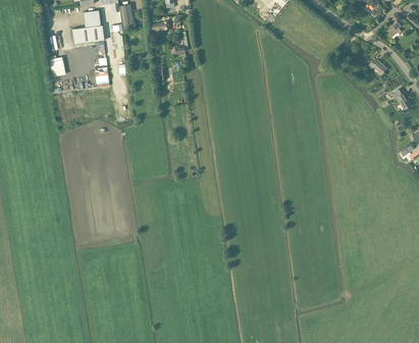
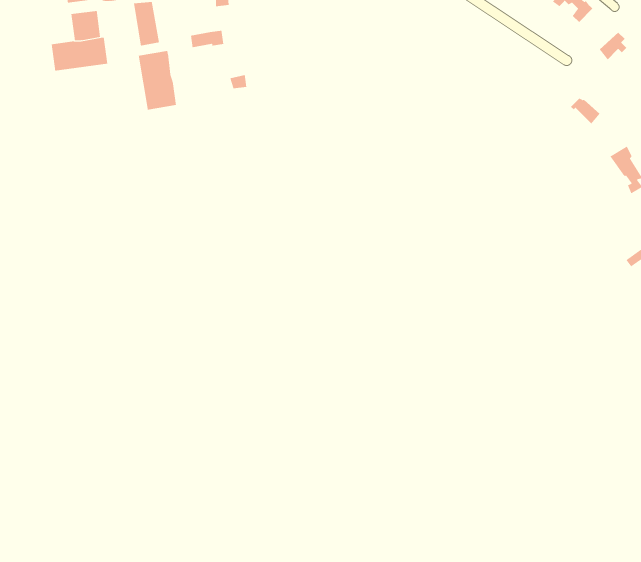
building: none -> [138,50,177,110]

